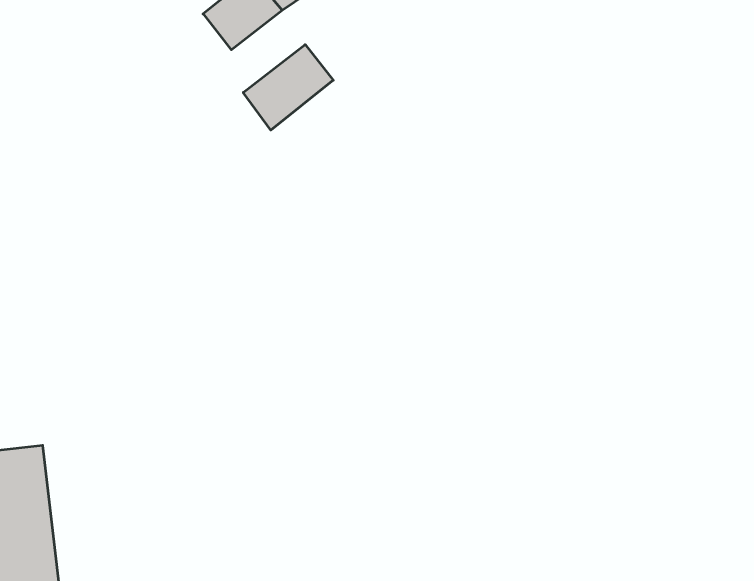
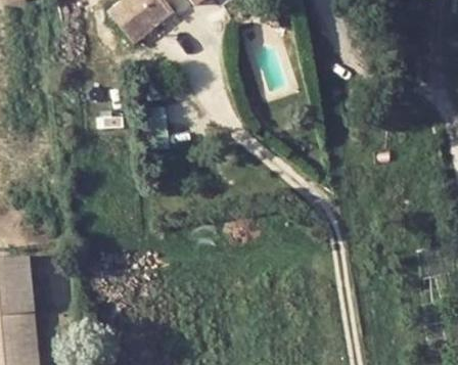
building: [243,45,333,130] -> none

